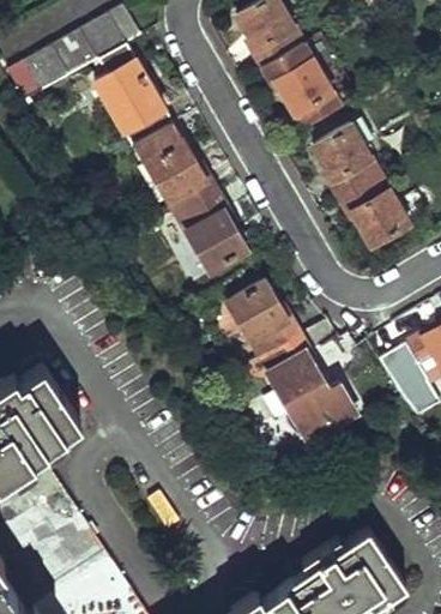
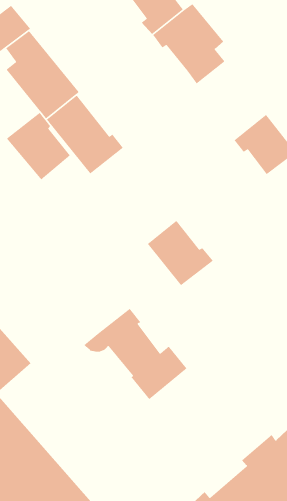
building: [316,120,380,198] -> none
building: [173,191,243,269] -> [6,112,71,181]
building: [242,331,356,438] -> [84,308,188,400]

